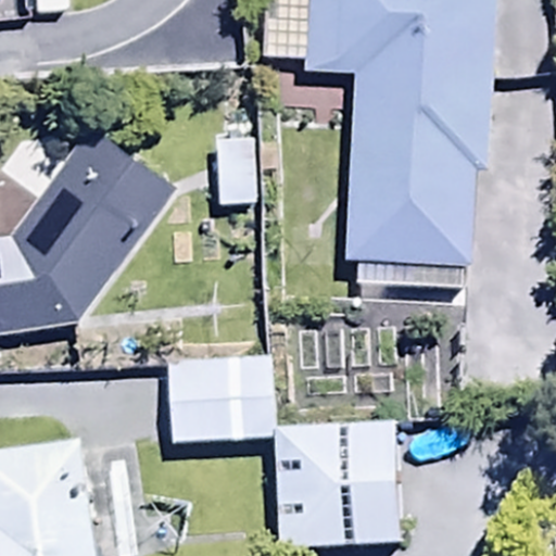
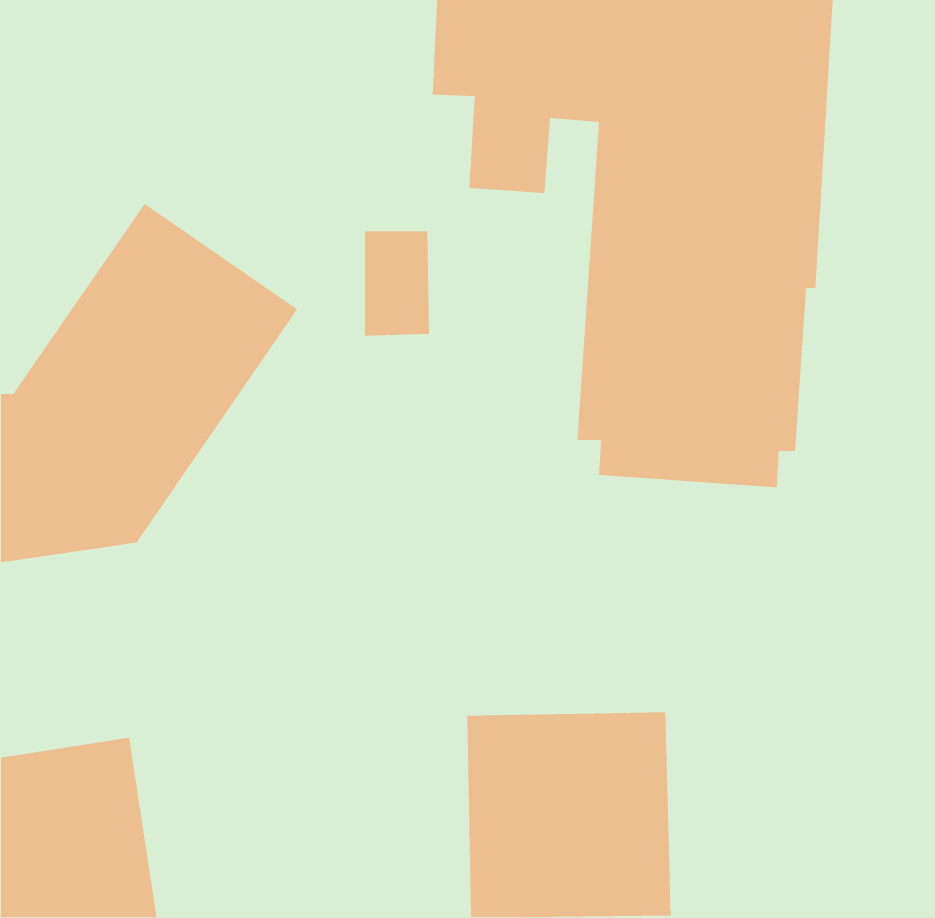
building: [167,356,273,441] -> none

